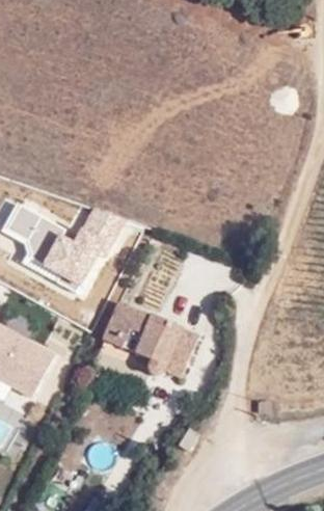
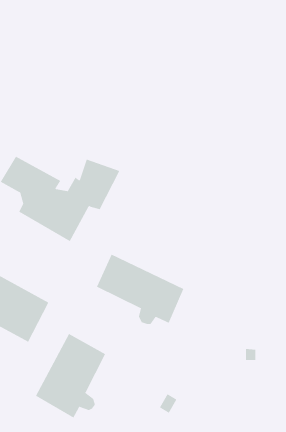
building: none -> [35,333,106,418]

